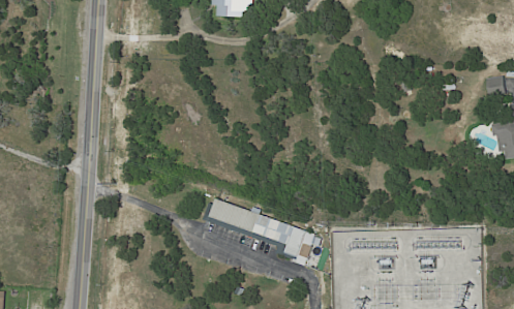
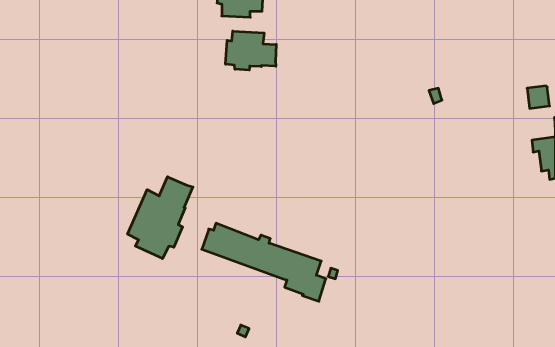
building: none -> [226,31,276,70]
building: none -> [128,177,193,259]

